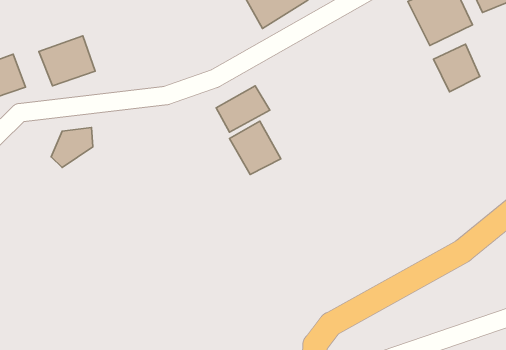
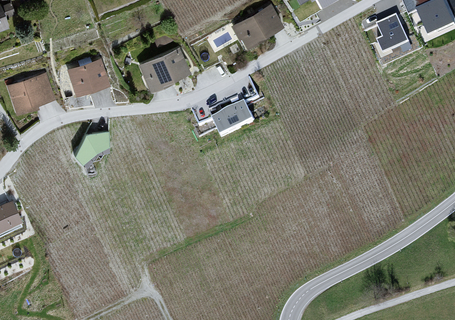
building: none -> [136,45,193,95]
building: [434,44,480,92] -> none
building: [230,121,281,175] -> none

